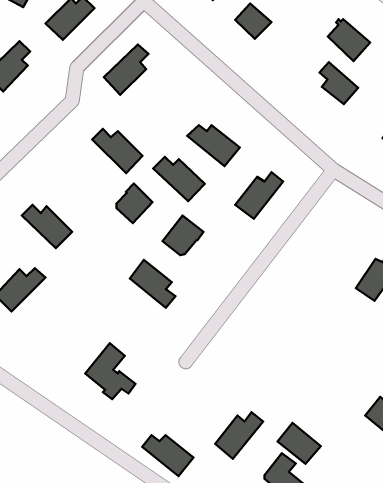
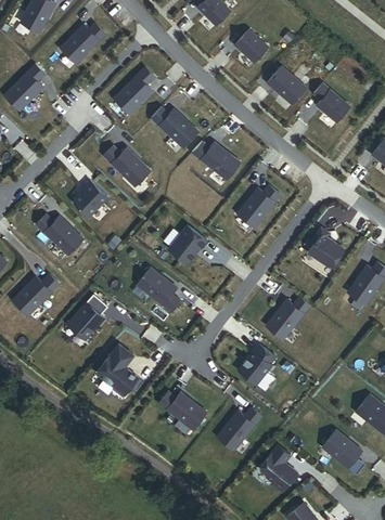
building: [328,19,370,61] -> [267,66,306,105]
building: [153,157,205,201] -> [151,106,198,147]
building: [116,183,153,223] -> [75,179,108,216]
building: none -> [307,227,343,266]
building: none -> [68,294,107,339]
building: none -> [266,296,310,338]
building: none -> [238,344,275,386]
building: [277,423,321,464] -> [322,429,362,467]
building: [142,435,194,476] -> [159,391,207,429]

